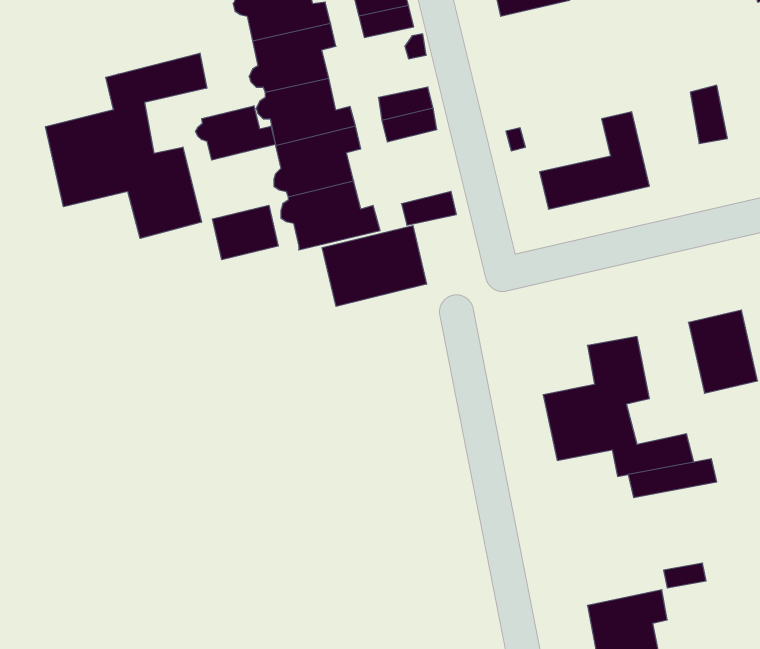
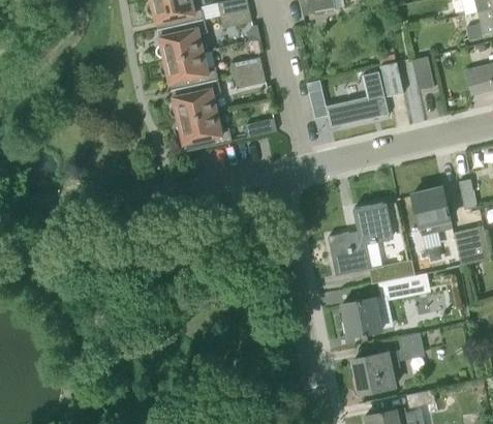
building: [45,53,207,238] -> none
building: none -> [381,62,404,96]
building: [196,106,275,160] -> none
building: [212,205,278,260] -> none
building: [322,226,427,306] -> none
building: none -> [342,297,380,336]

